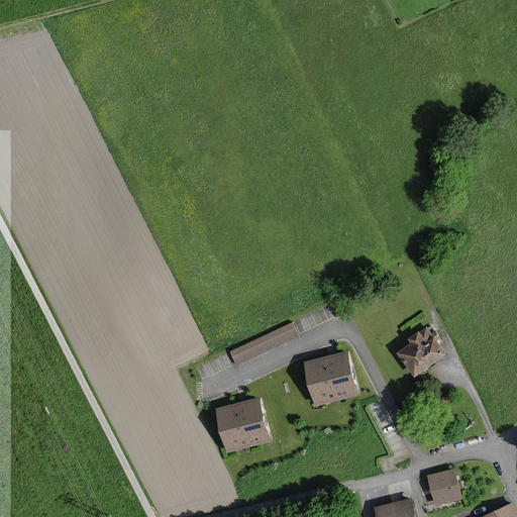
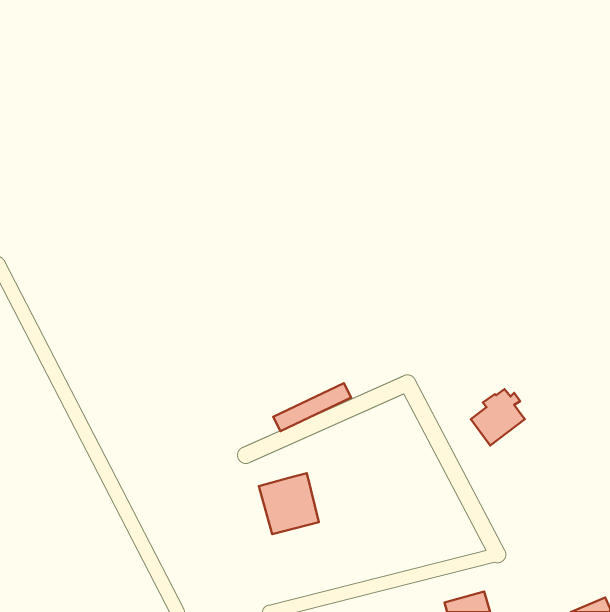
building: [306,353,355,403] -> none
building: [427,471,458,504] -> none

